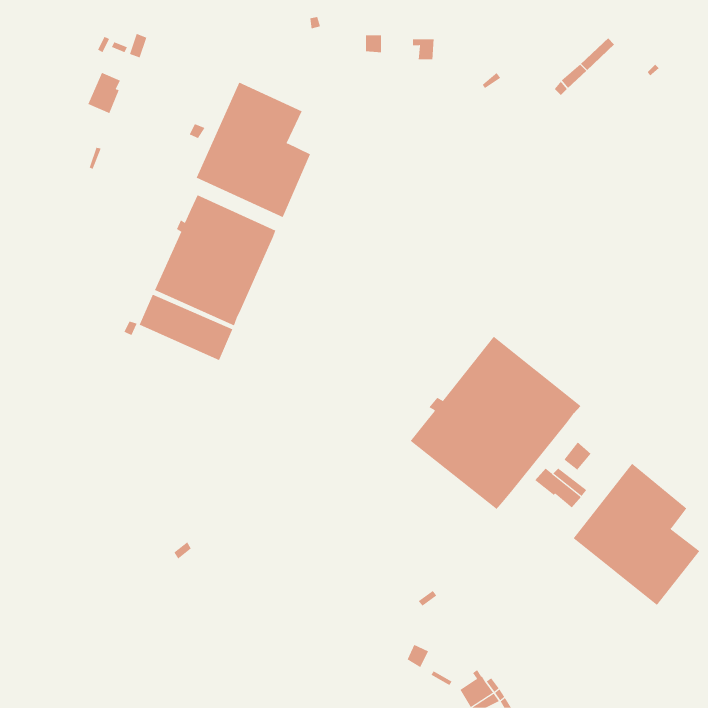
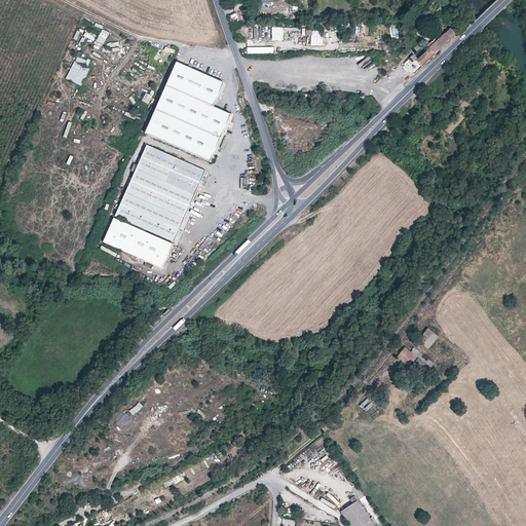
building: [410,336,582,510] -> none
building: [573,463,700,606] -> none

